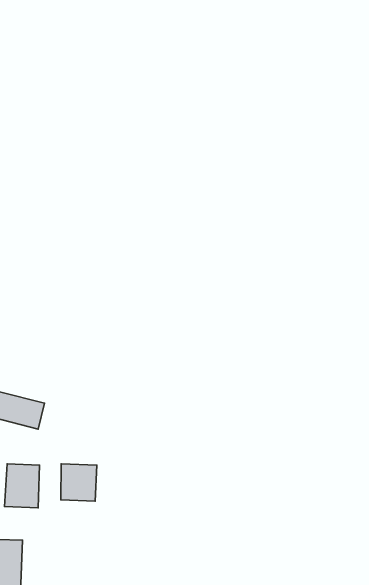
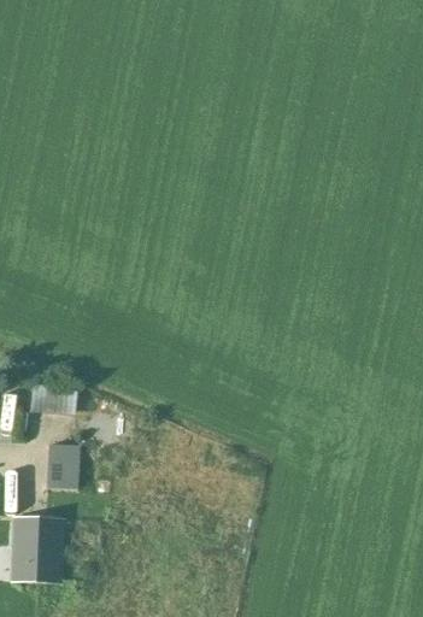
building: [61,464,97,501] -> none

